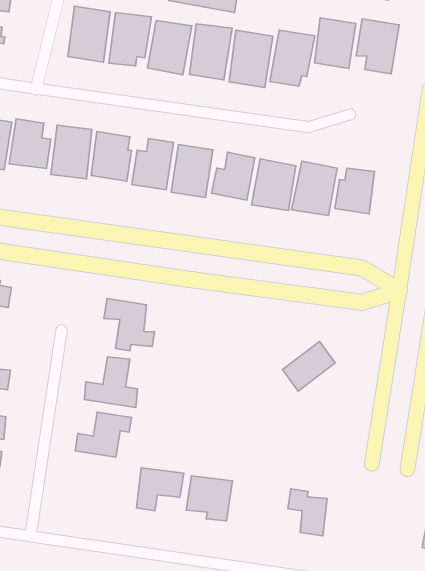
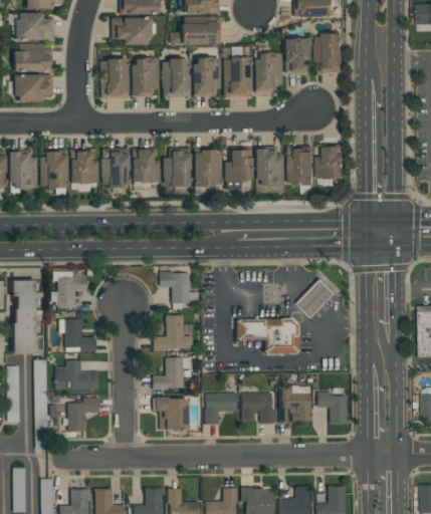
building: none -> [236,319,298,353]
building: none -> [154,398,188,430]
building: none -> [280,386,310,423]

